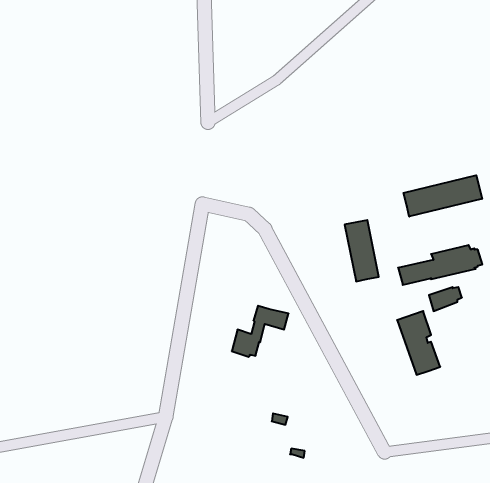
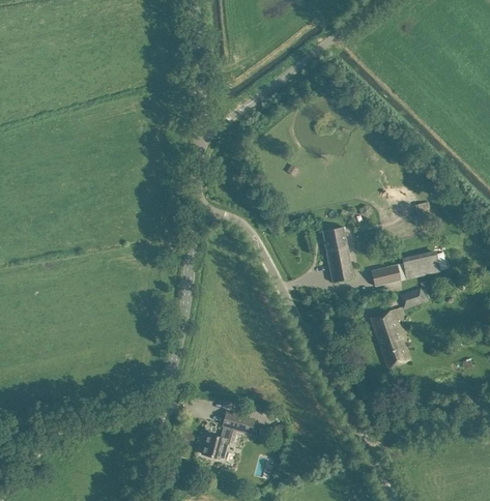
building: [403,175,482,217] -> none
building: [232,306,289,357] -> [203,412,255,459]

